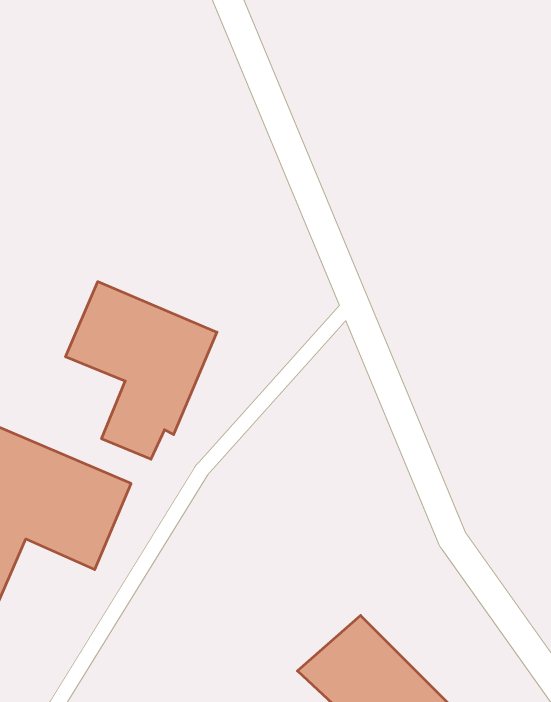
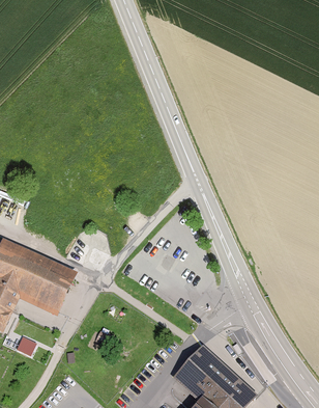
building: [66,282,217,459] -> none

